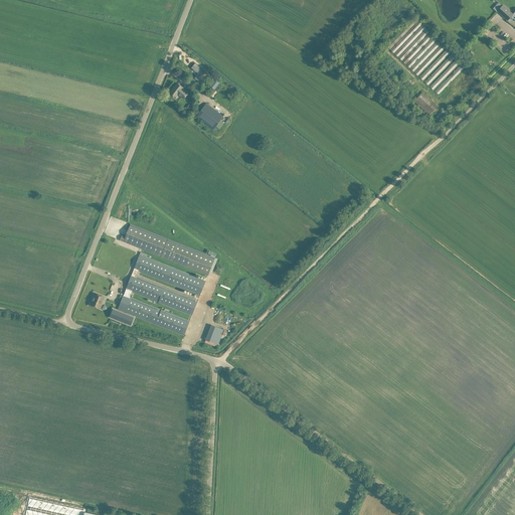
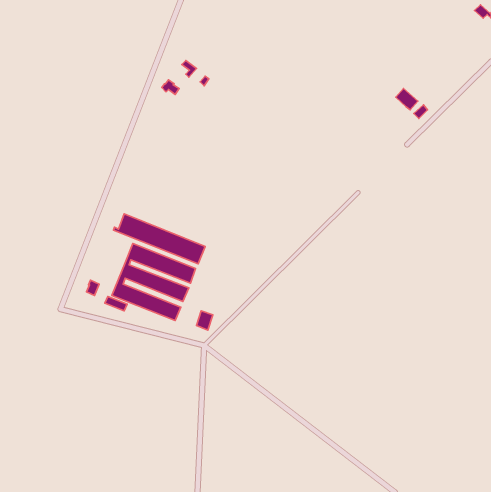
building: [195,104,222,130] -> none

